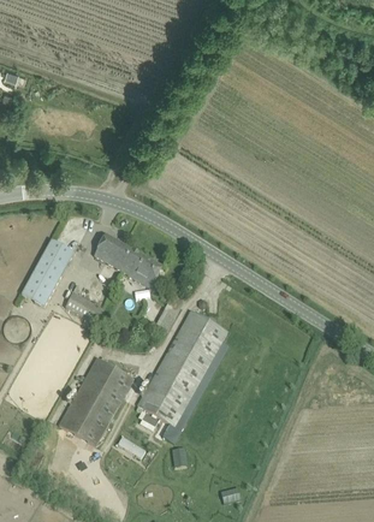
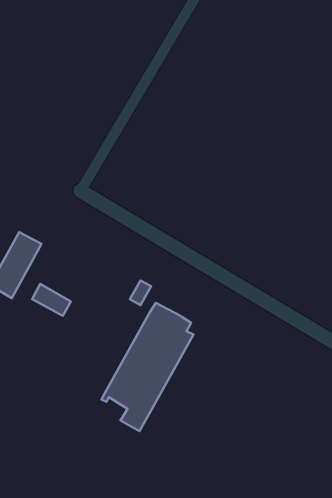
building: [93,235,161,283] -> none
building: [59,360,132,446] -> none

